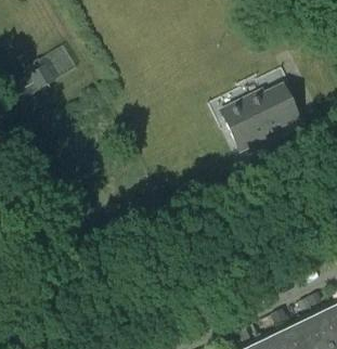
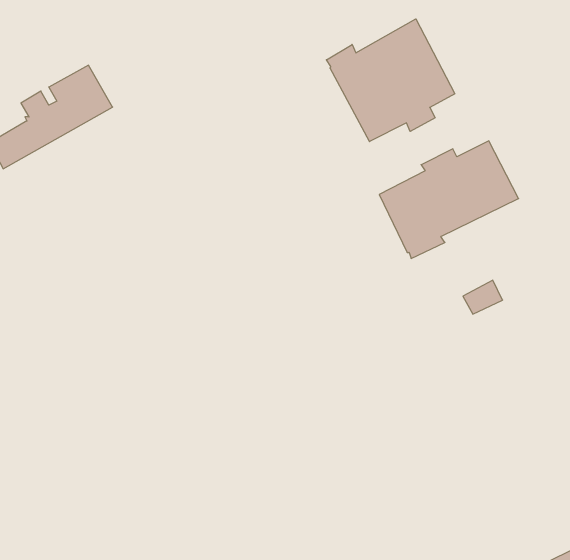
building: none -> [326,19,455,142]

